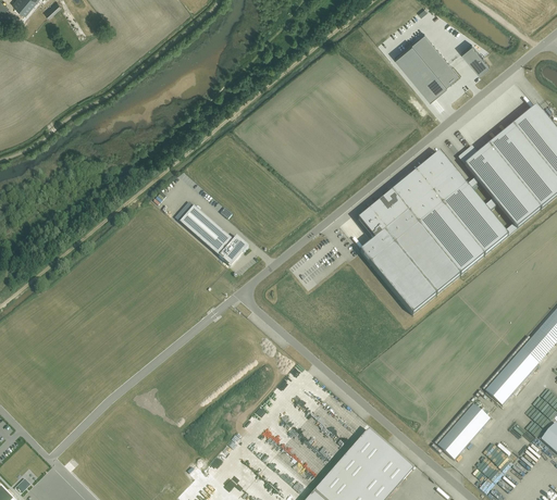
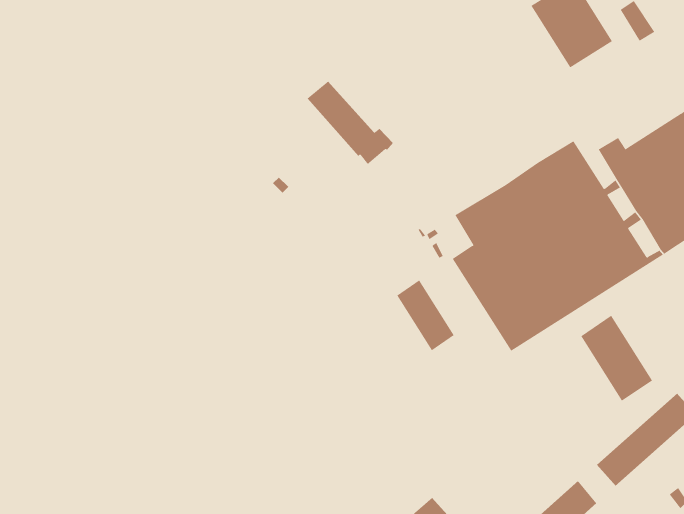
building: [178,204,247,263] -> [307,81,394,165]
building: none -> [396,280,454,351]
building: none -> [580,315,653,402]

